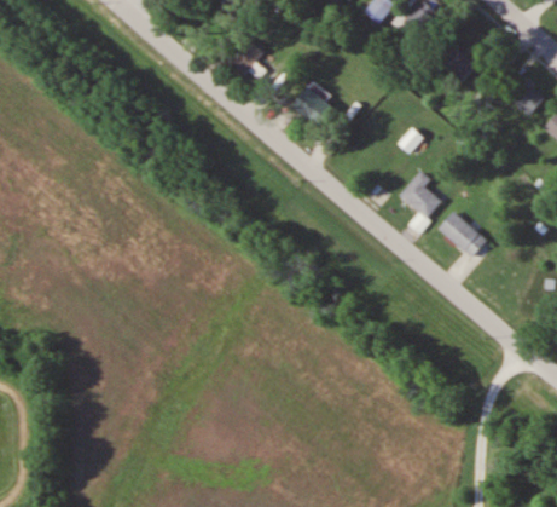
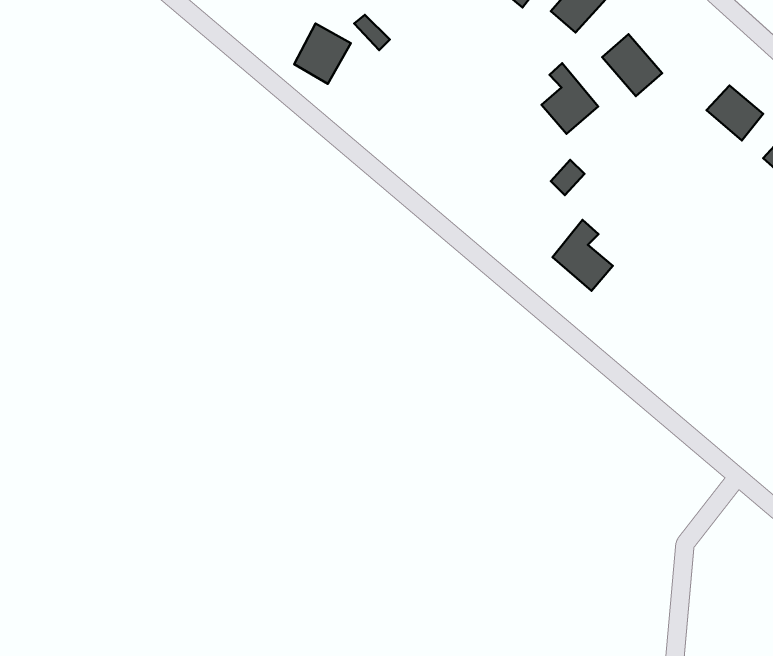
building: none -> [541,63,598,134]
building: [291,85,335,127] -> none
building: [440,211,487,257] -> none

